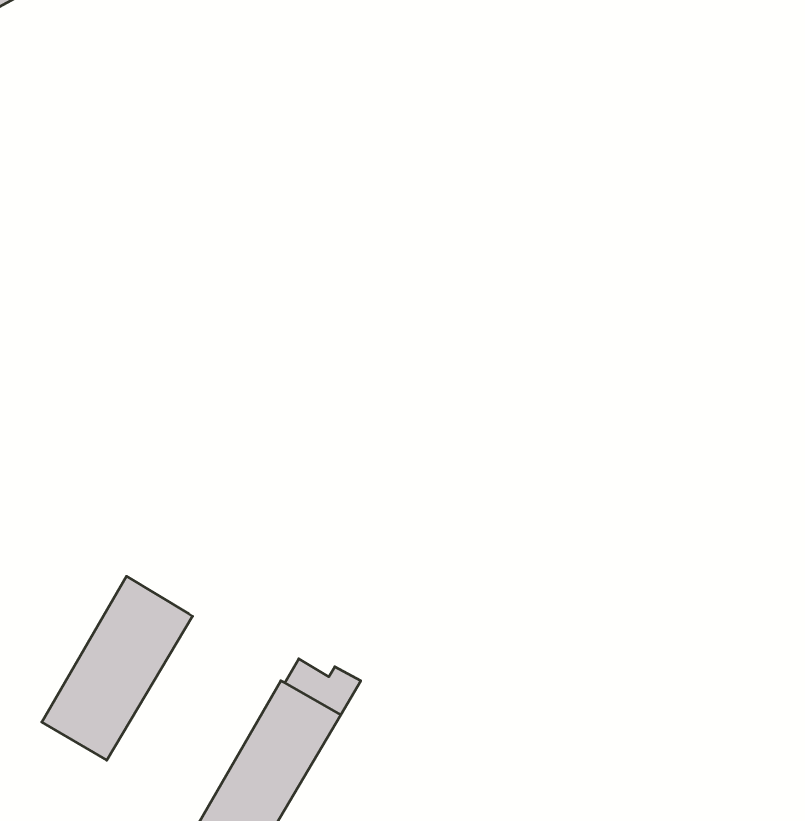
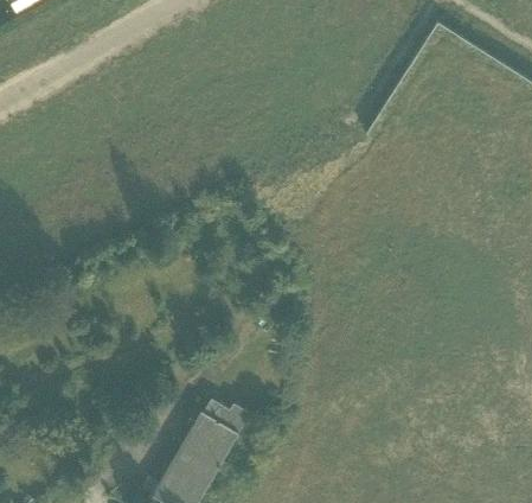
building: [42,576,193,760] -> none

